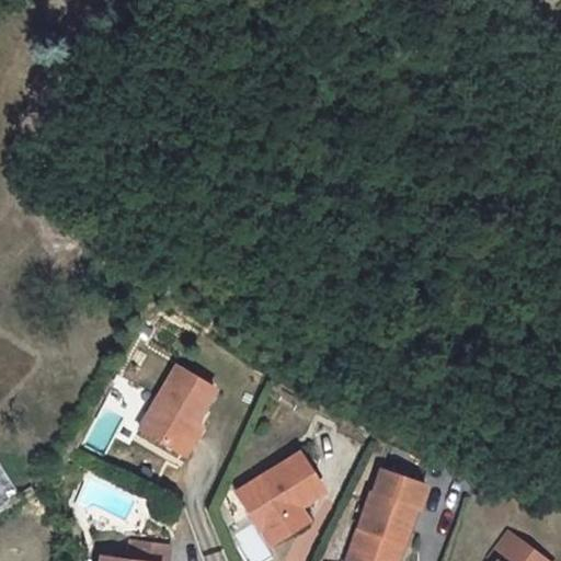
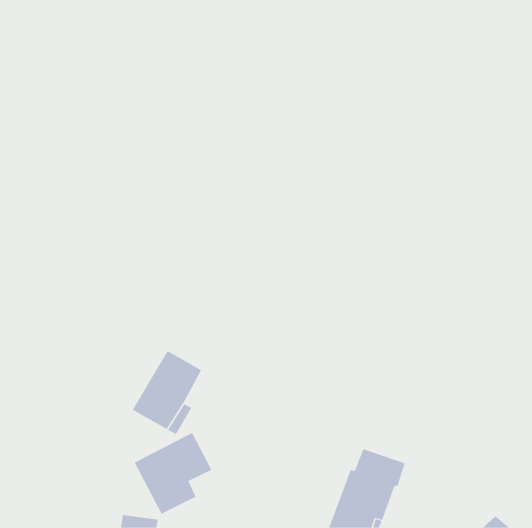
building: [237,457,319,543] -> [134,432,212,515]

